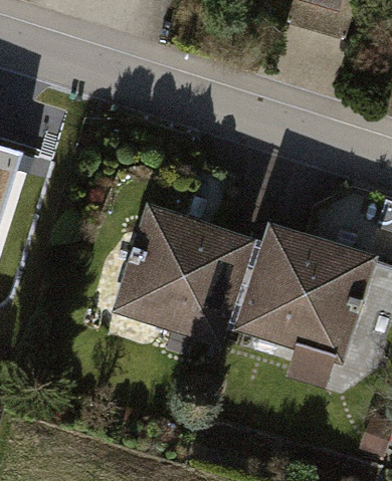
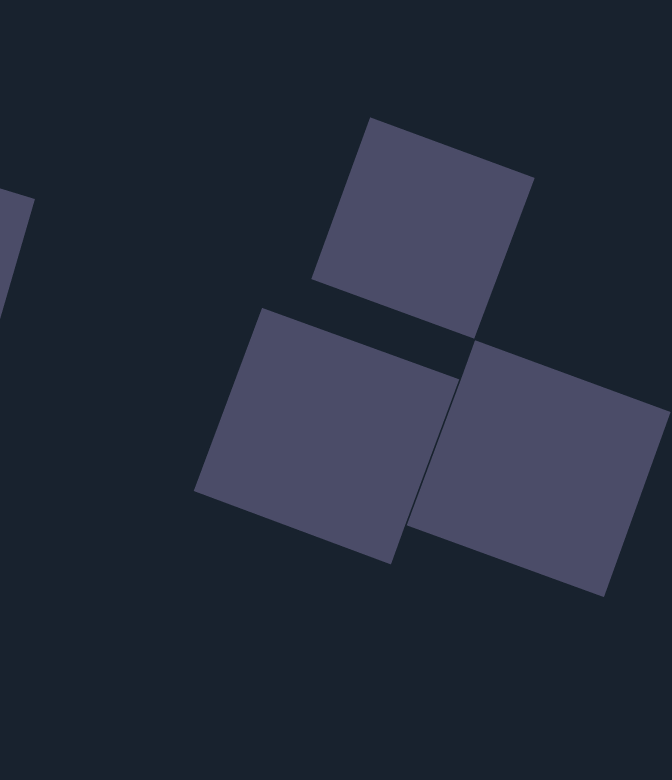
building: none -> [310,116,535,340]

